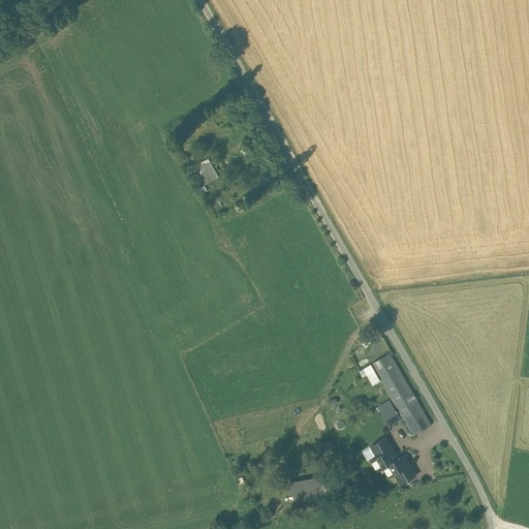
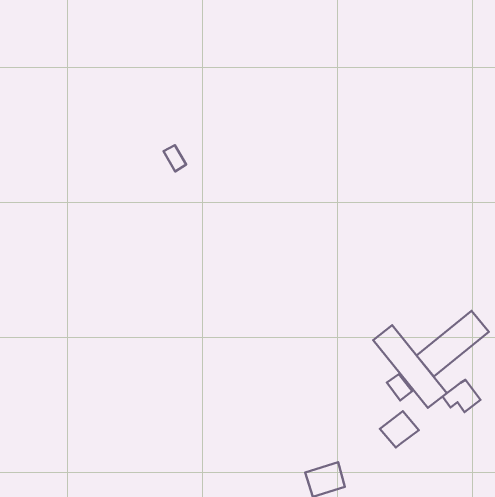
building: none -> [416,311,489,376]
building: [382,454,417,484] -> [442,380,481,412]

